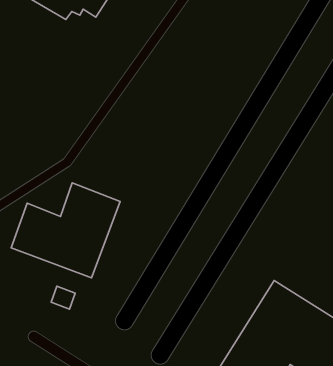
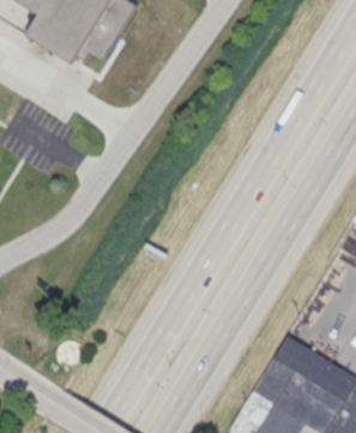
building: [11,183,120,278] -> none

